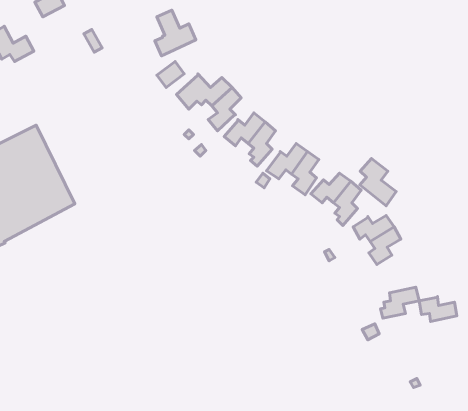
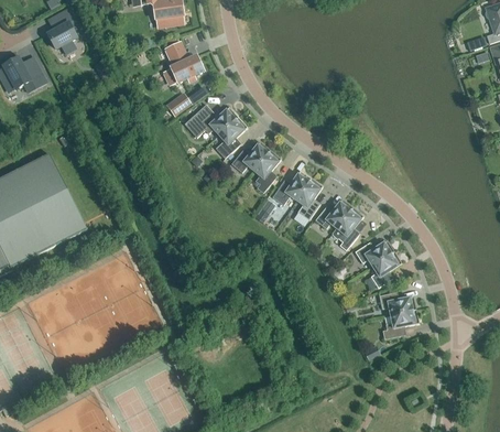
building: [360,158,396,206] -> none
building: [419,296,457,321] -> [379,291,415,315]

